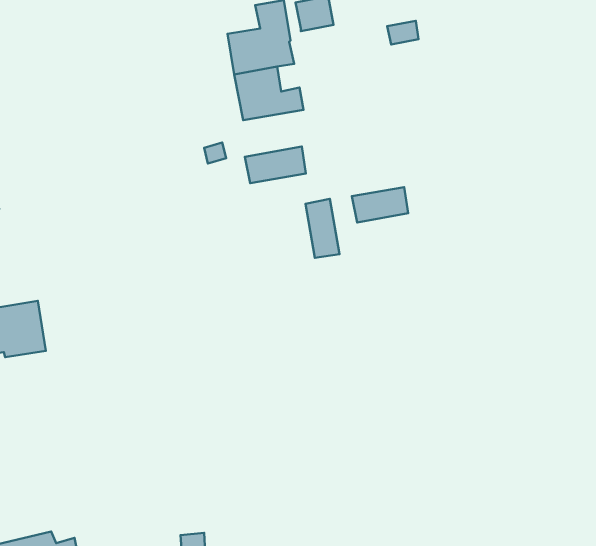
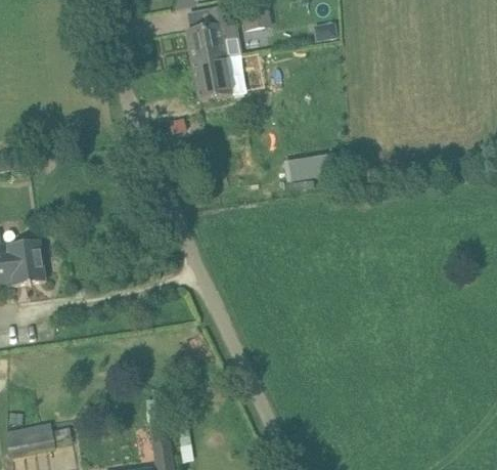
building: [245,147,306,183] -> none
building: [306,199,340,258] -> none

